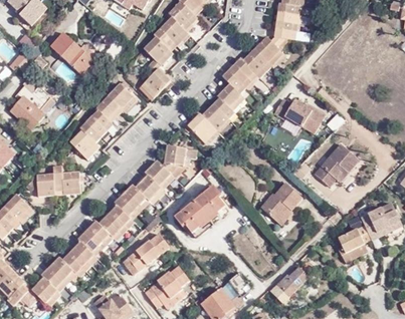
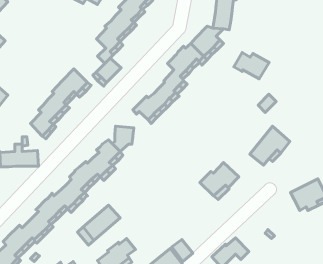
building: [50,32,97,79] -> none
building: [272,99,312,128] -> [234,52,269,79]
building: [173,186,226,238] -> none
building: [335,226,370,255] -> none

